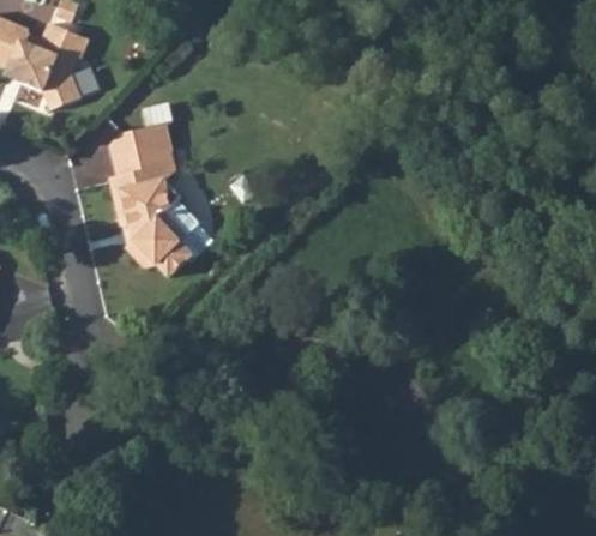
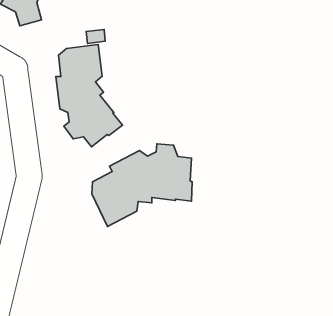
building: none -> [92,144,192,227]

